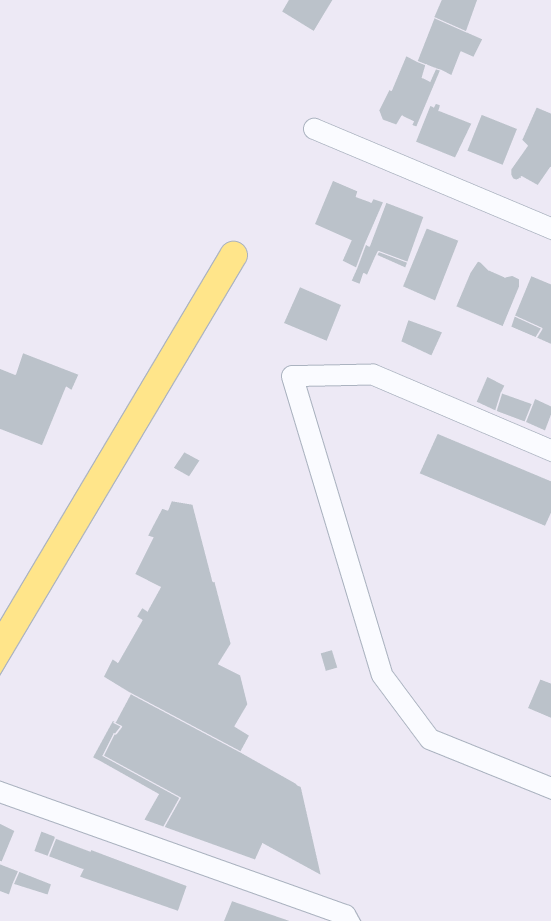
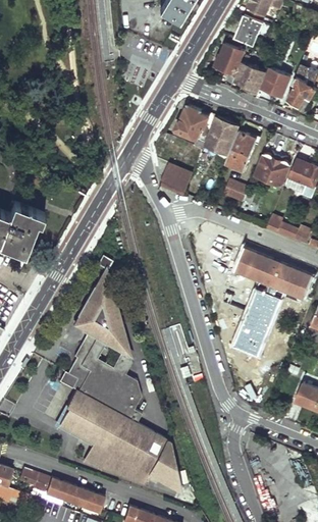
building: none -> [234,286,283,355]

